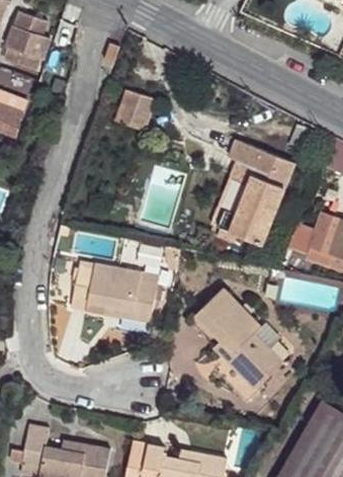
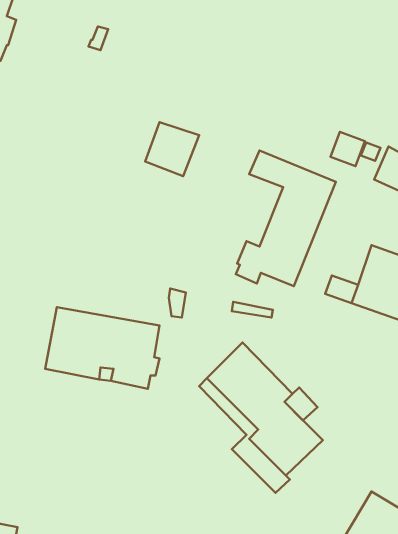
building: [114,89,156,131] -> [145,122,199,176]

